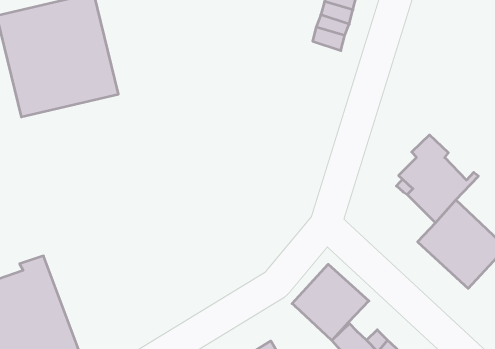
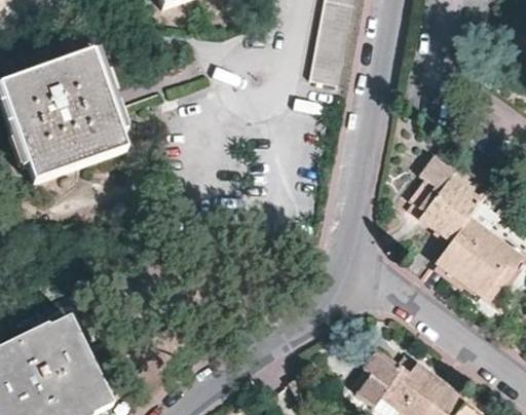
building: [292,264,369,340] -> none

